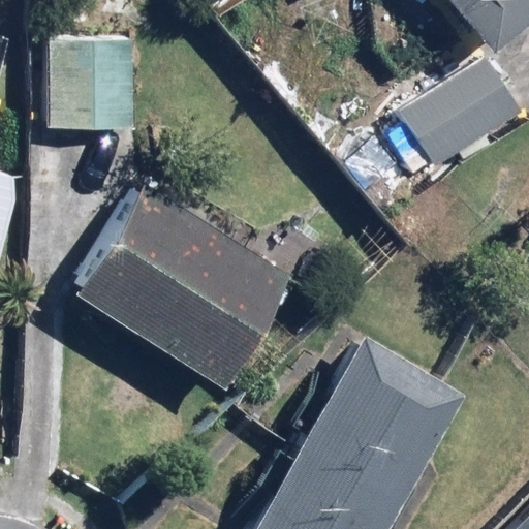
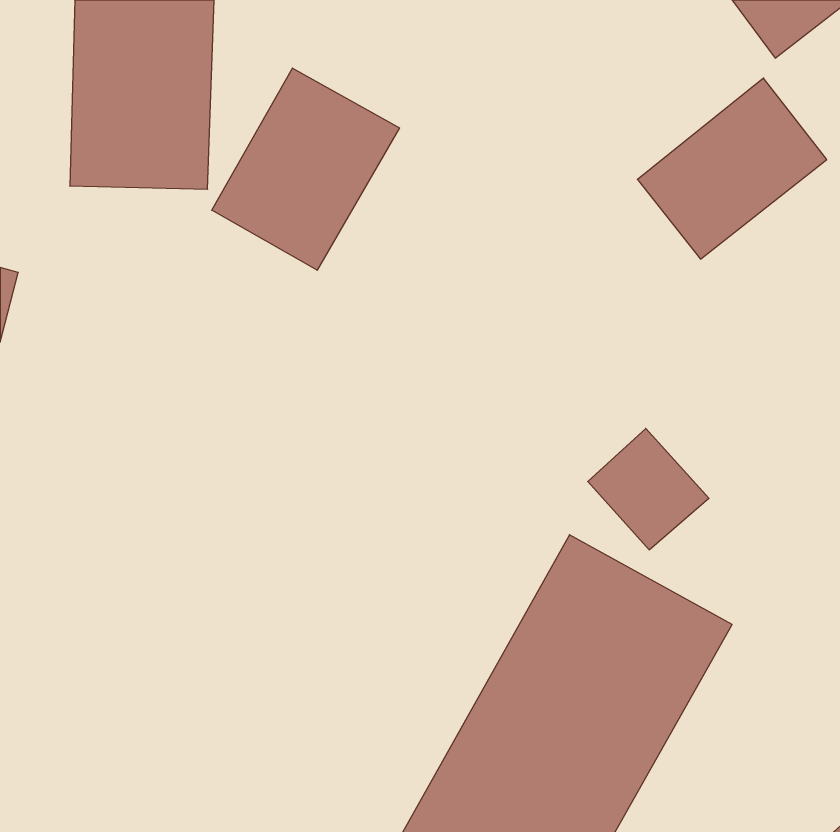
building: none -> [212,68,400,270]
building: [84,191,283,374] -> none

